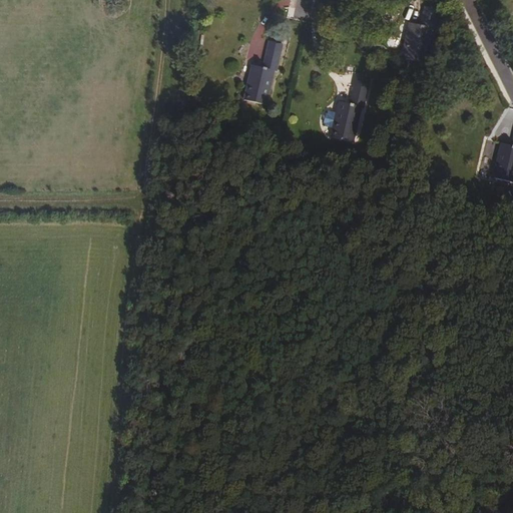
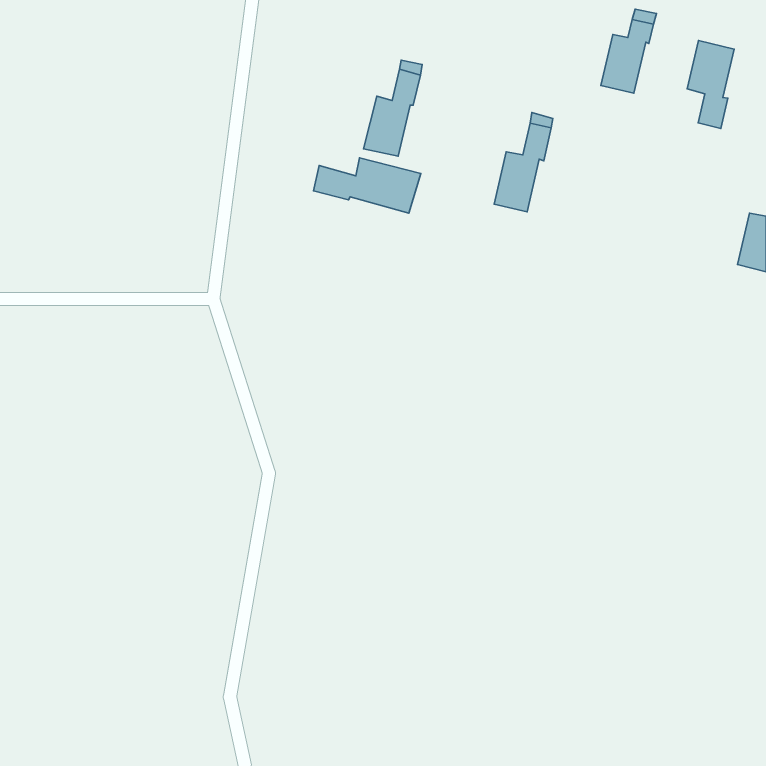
building: none -> [687,41,734,128]
building: none -> [314,158,421,213]

